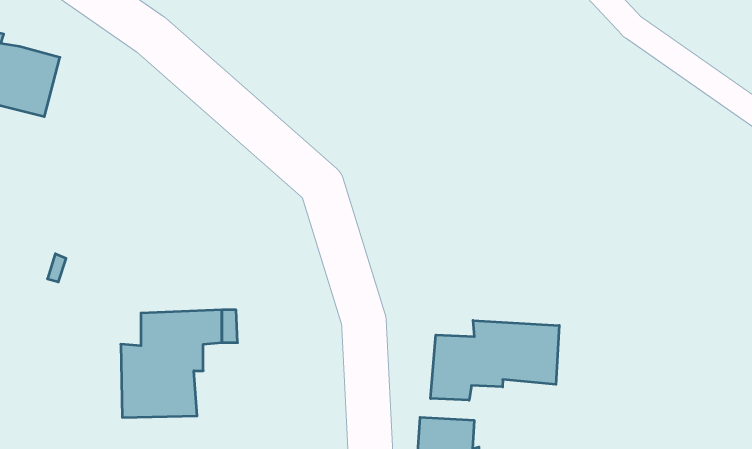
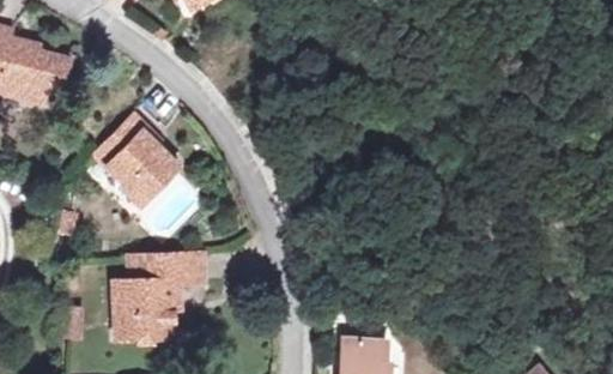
building: none -> [93,114,176,201]
building: [431,320,559,400] -> none

